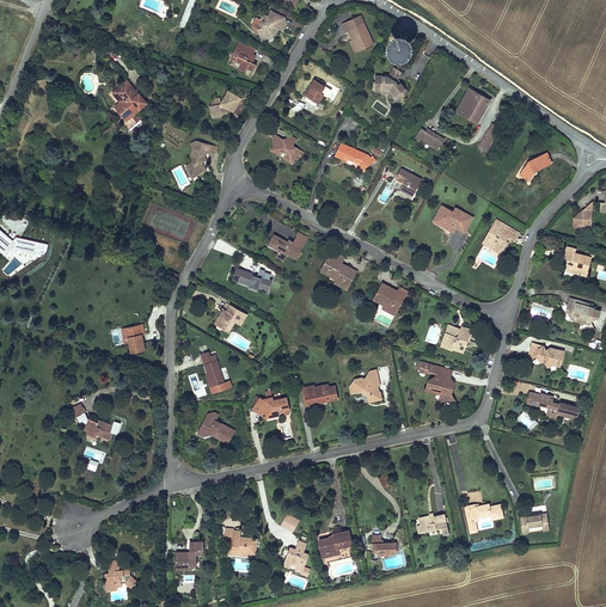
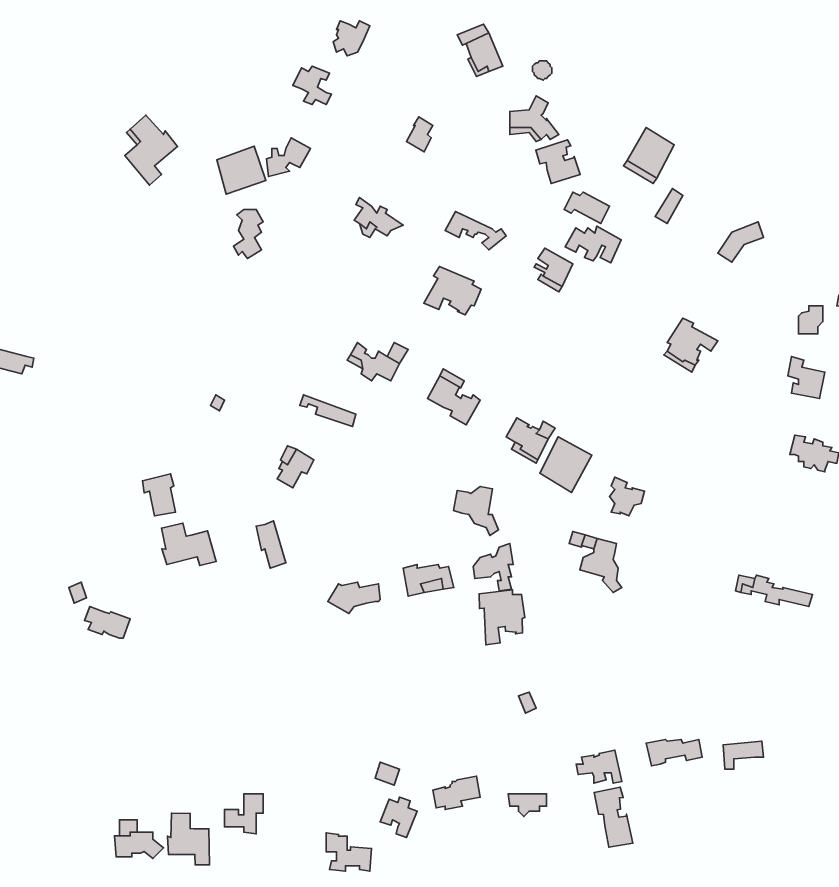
building: none -> [536,140,580,184]
building: none -> [217,146,266,194]
building: none -> [424,266,481,315]
building: [431,207,470,232] -> [565,226,621,263]
building: none -> [540,437,592,493]
building: none -> [453,486,498,536]
building: [530,342,565,366] -> none
building: none -> [161,523,216,566]
building: none -> [479,590,525,645]
building: [194,417,233,444] -> none
building: [227,527,258,553] -> [326,833,372,871]
building: none -> [594,787,633,847]
building: none -> [168,813,210,865]

